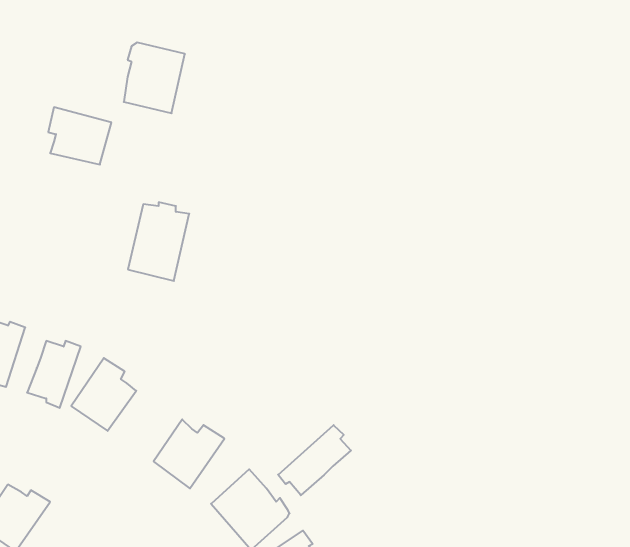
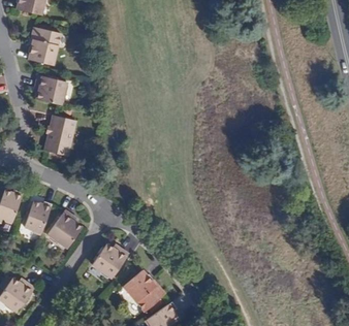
building: [124,42,185,113] -> [28,28,61,66]
building: [128,202,189,281] -> [43,115,76,157]
building: [278,425,351,495] -> none

